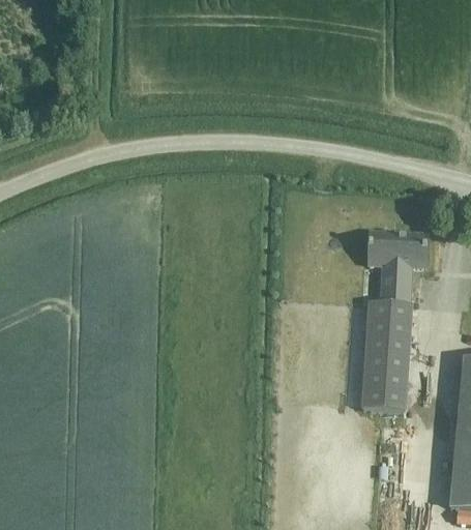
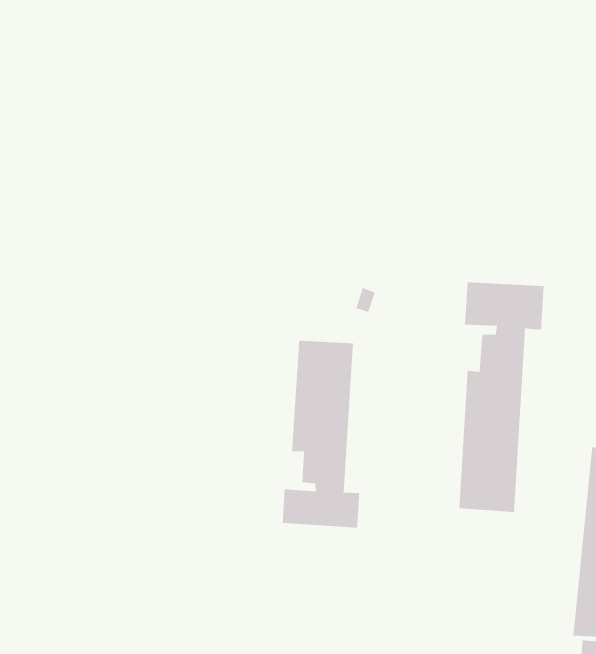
building: none -> [282,340,360,528]

